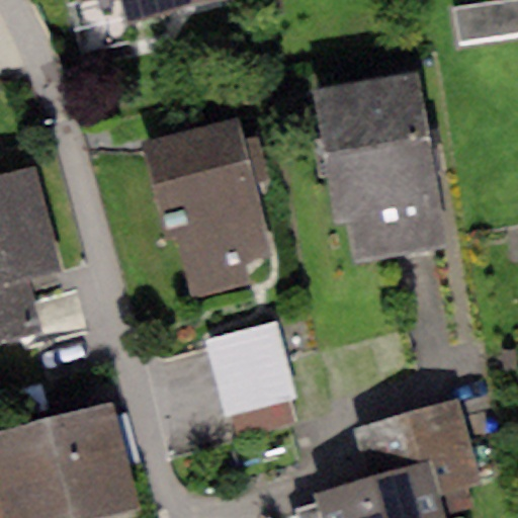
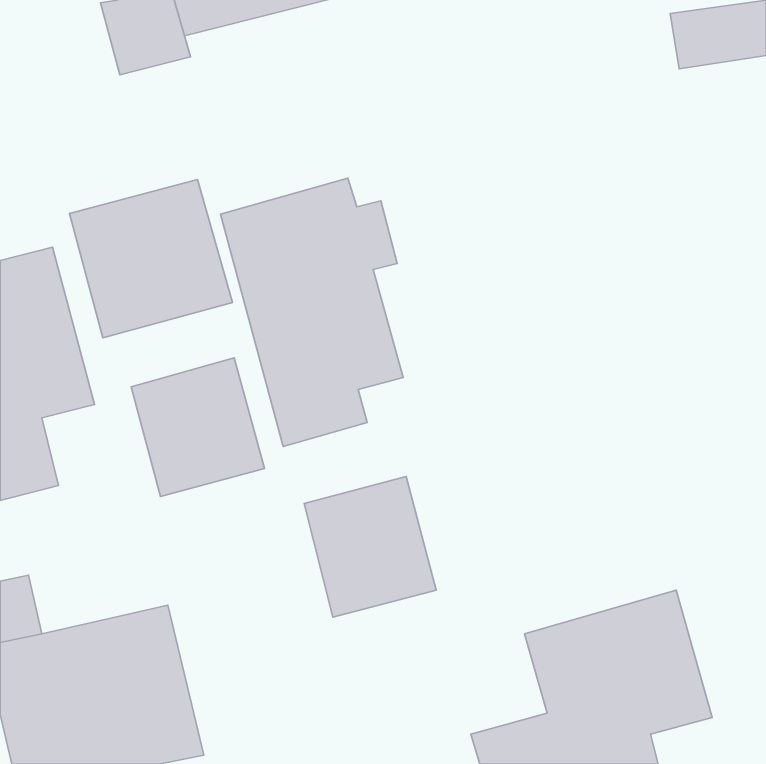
building: [313,73,443,255] -> none
building: none -> [69,179,233,338]
building: none -> [131,358,264,496]

